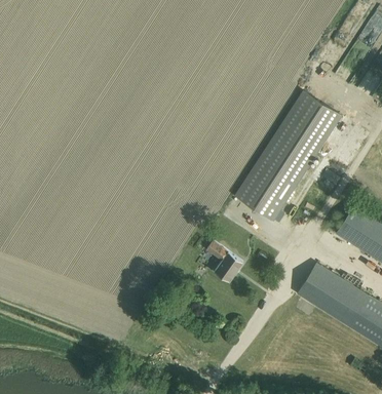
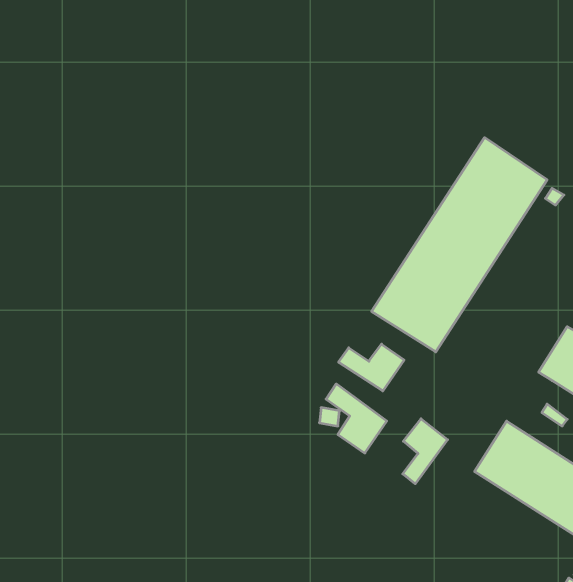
building: none -> [339,344,404,391]
building: none -> [403,419,448,484]

